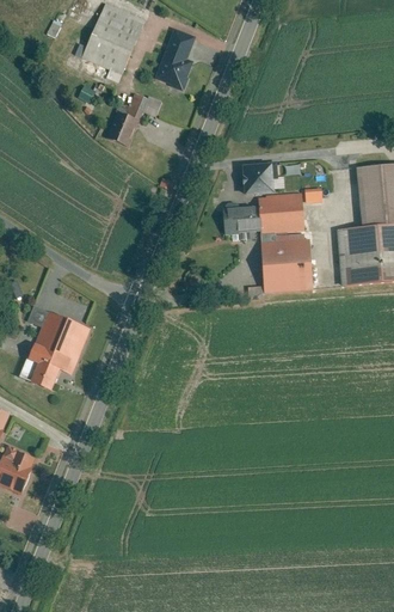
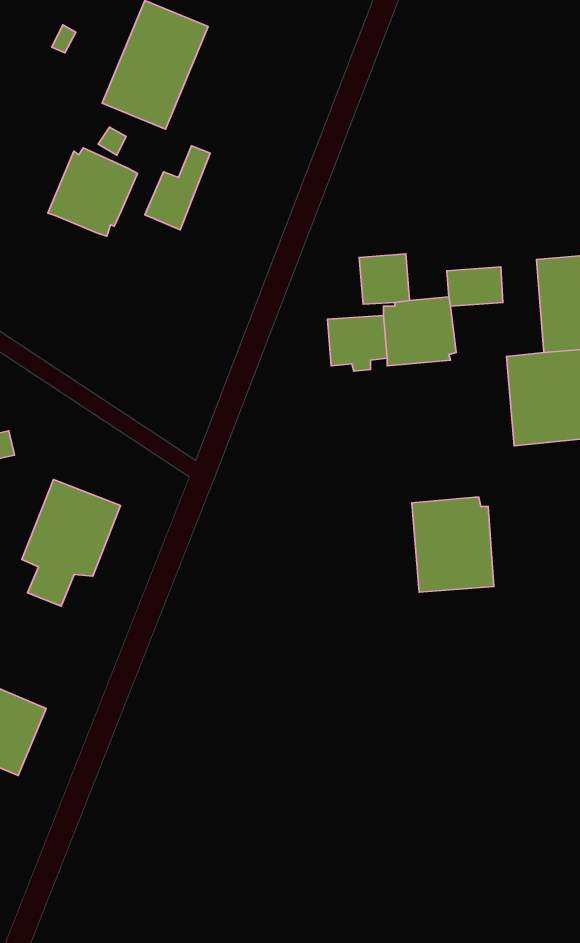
building: [155,27,196,91] -> none
building: none -> [48,148,137,236]
building: [260,232,313,293] -> [412,497,494,592]

